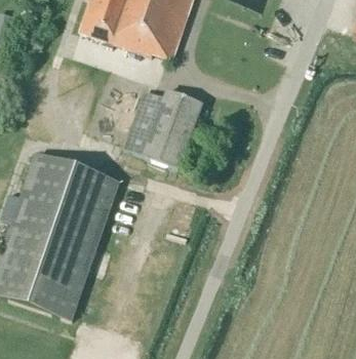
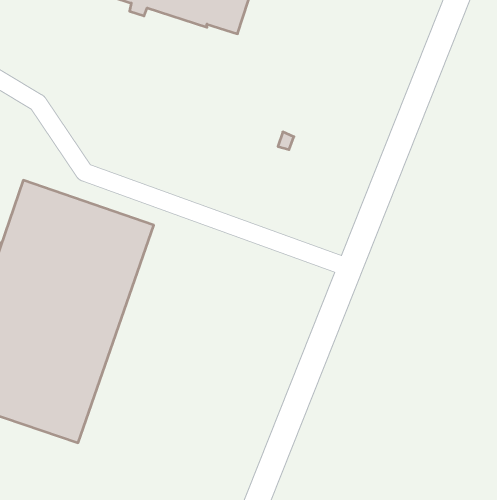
building: [126,87,202,167] -> none

